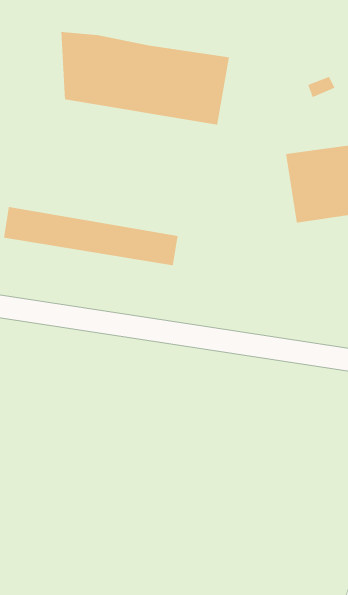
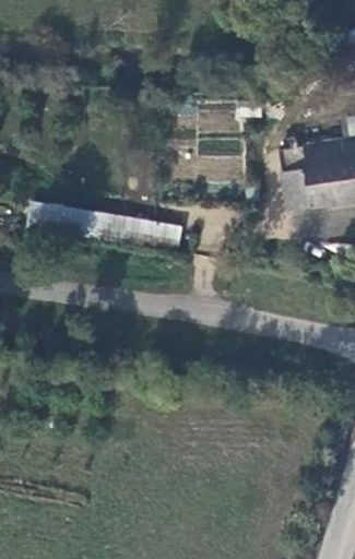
building: [61,31,230,125] -> none

